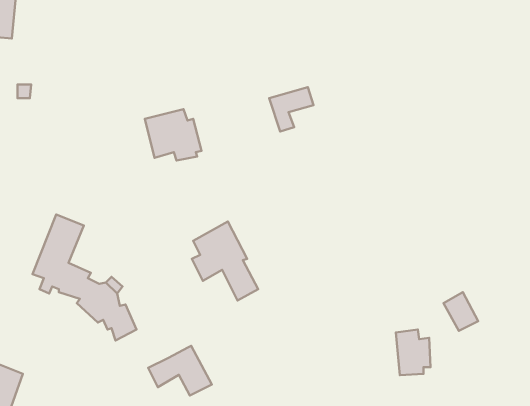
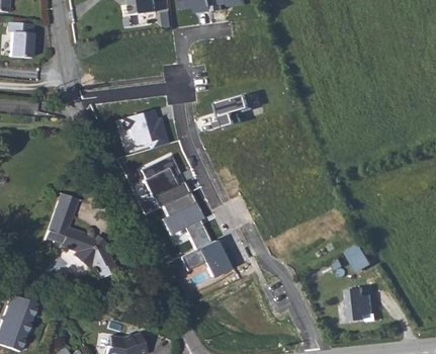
building: none -> [142,158,188,208]
building: [396,330,430,375] -> [348,286,373,320]
building: [148,346,212,396] -> [181,242,228,278]

